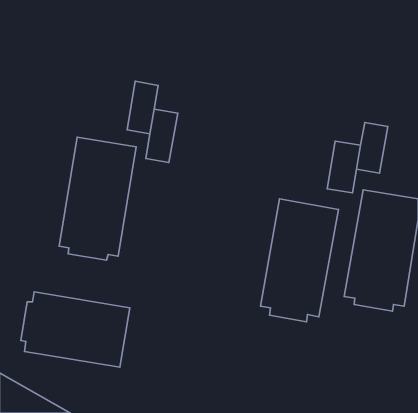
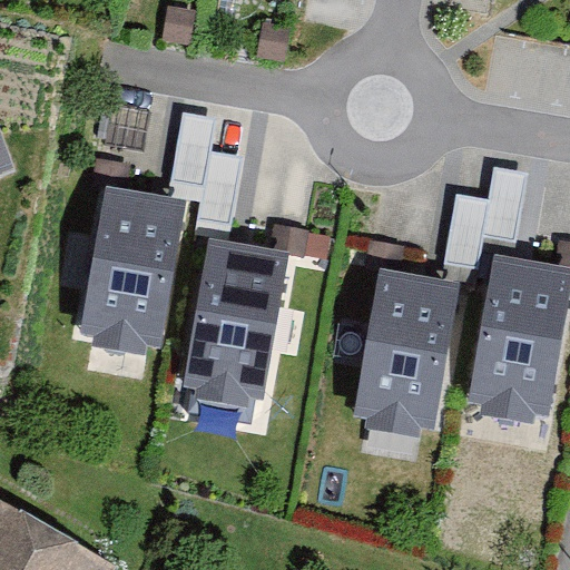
building: none -> [184,239,289,416]
building: [21,292,130,367] -> none

